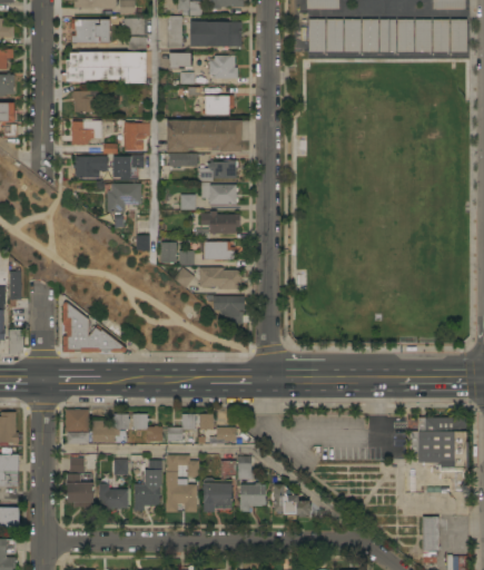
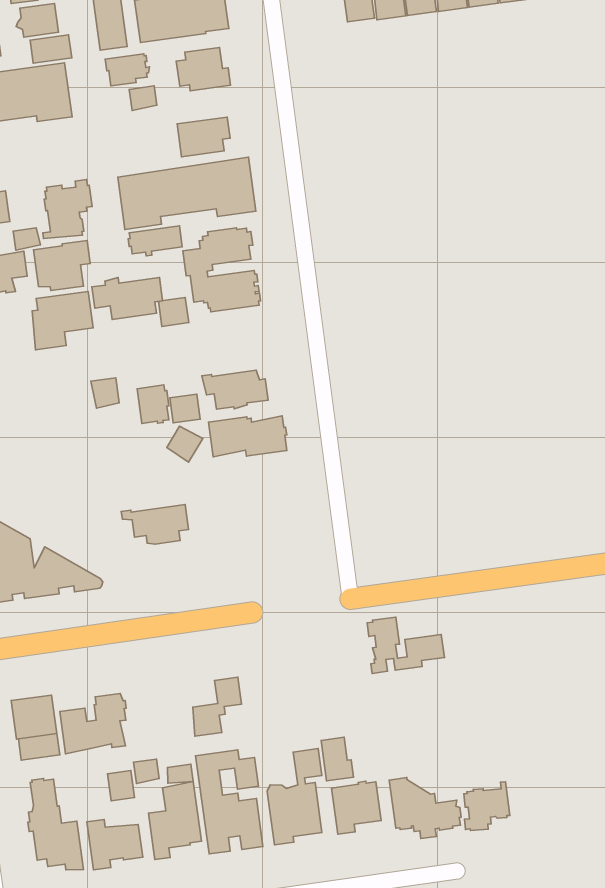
building: [201,210,240,234] -> [92,277,163,319]
building: [208,295,245,316] -> [121,505,189,544]
building: [132,414,162,444] -> none
building: [196,414,238,444] -> [367,617,444,673]
building: none -> [464,782,510,831]

